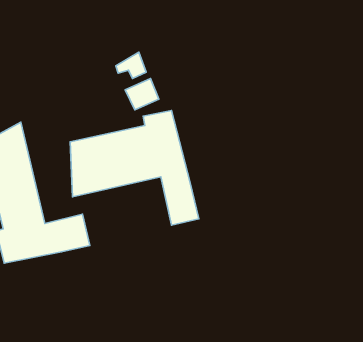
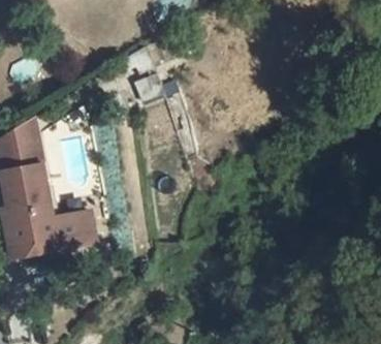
building: [70,110,199,225] -> none

